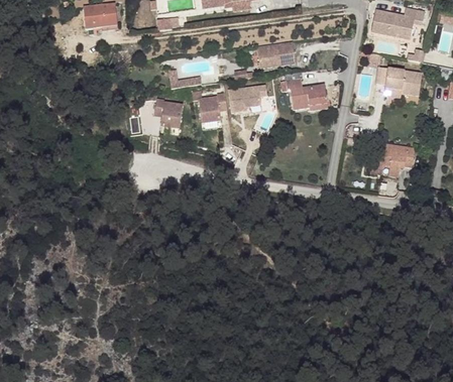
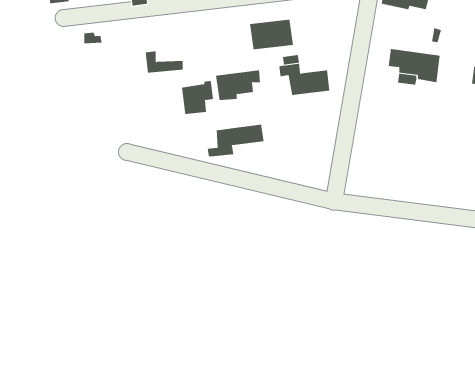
building: [155,98,184,128] -> none
building: none -> [207,124,264,157]
building: [371,143,415,170] -> none

